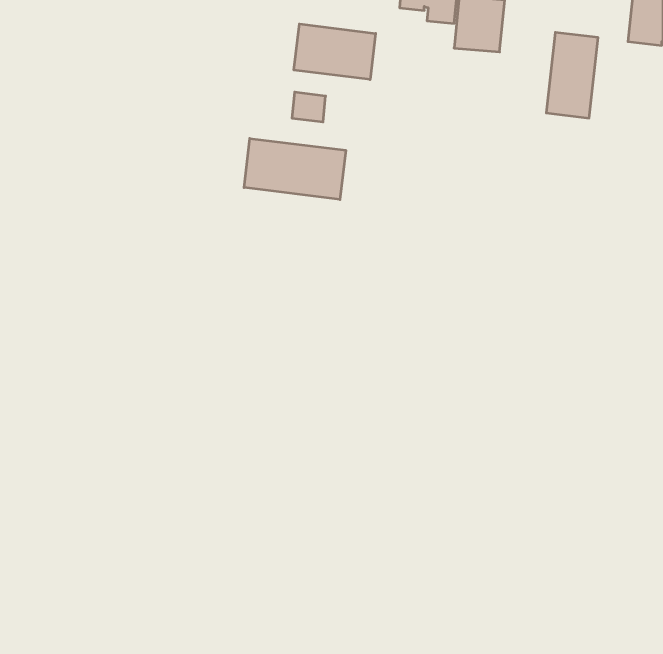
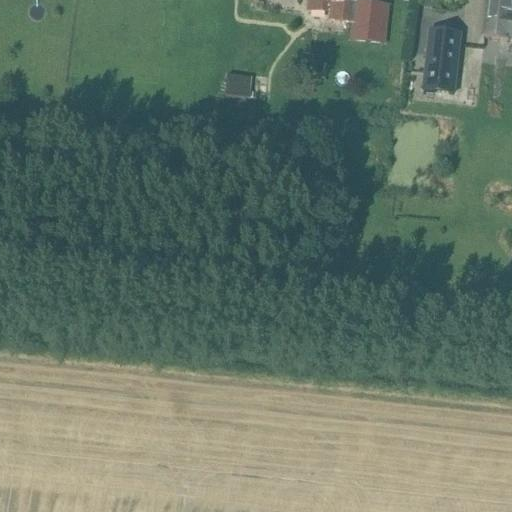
building: [294,24,376,80] -> none
building: [244,138,346,200] -> none

